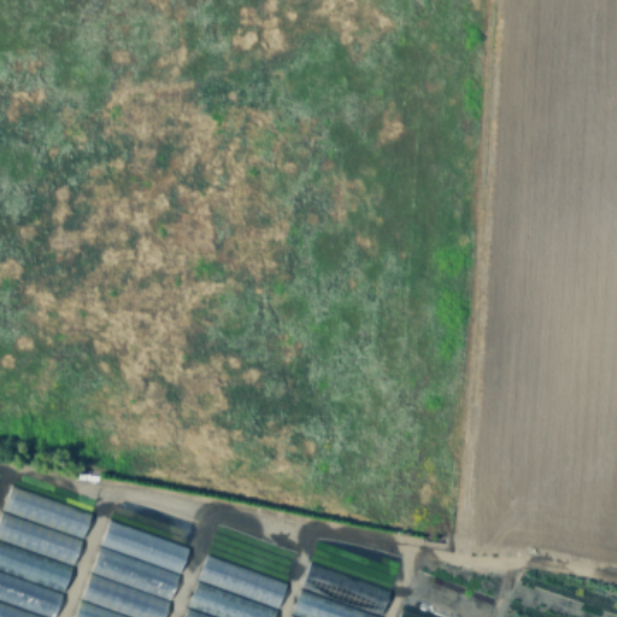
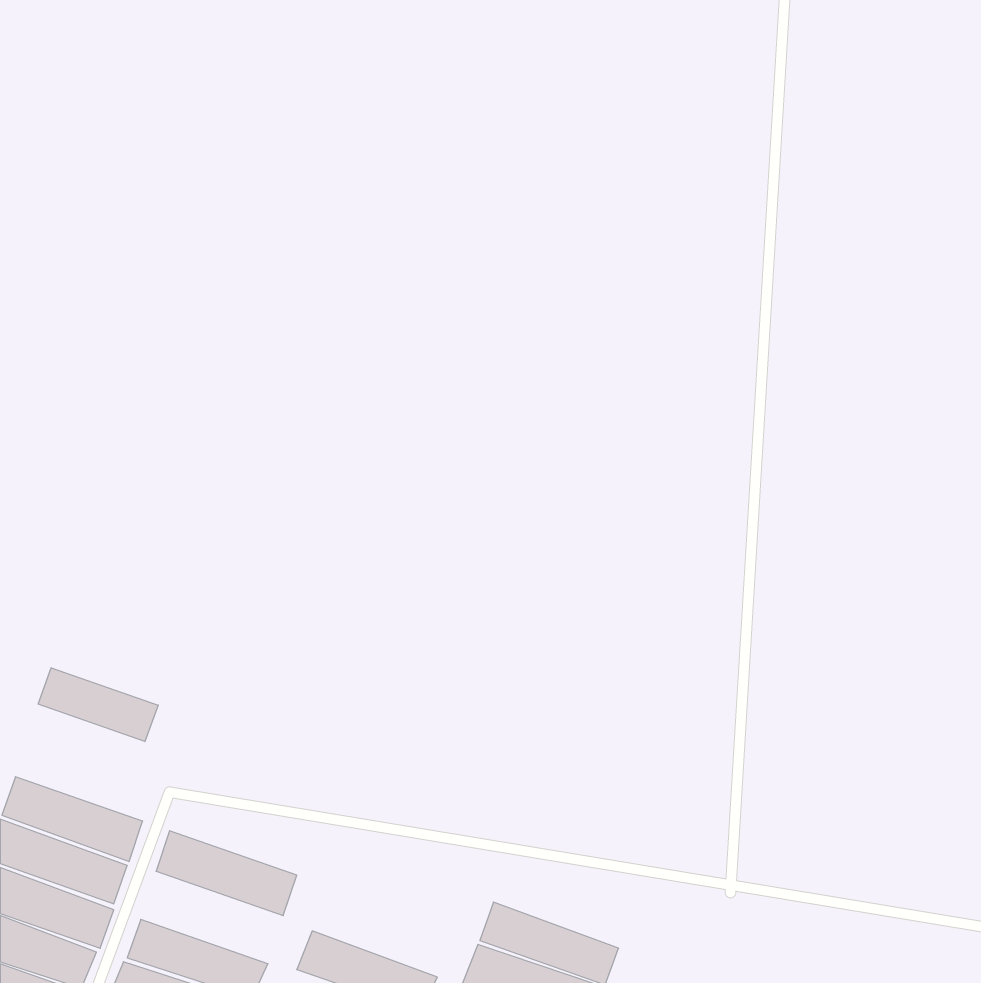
building: none -> [38,668,158,742]
building: [90,548,178,600] -> none
building: [198,557,286,610] -> none

